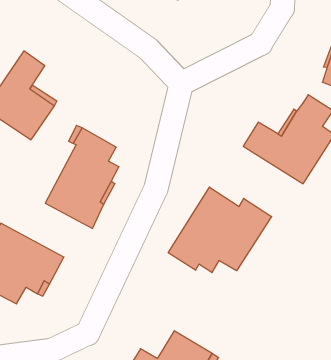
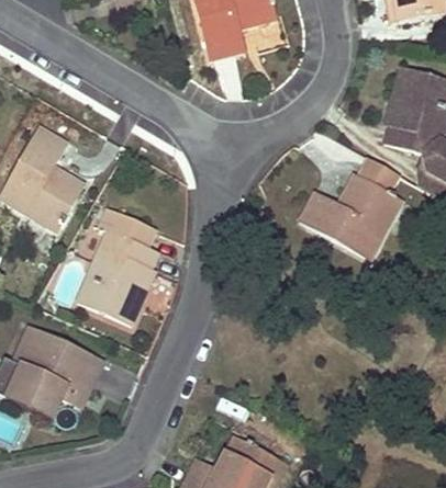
building: [168,187,272,273] -> none

